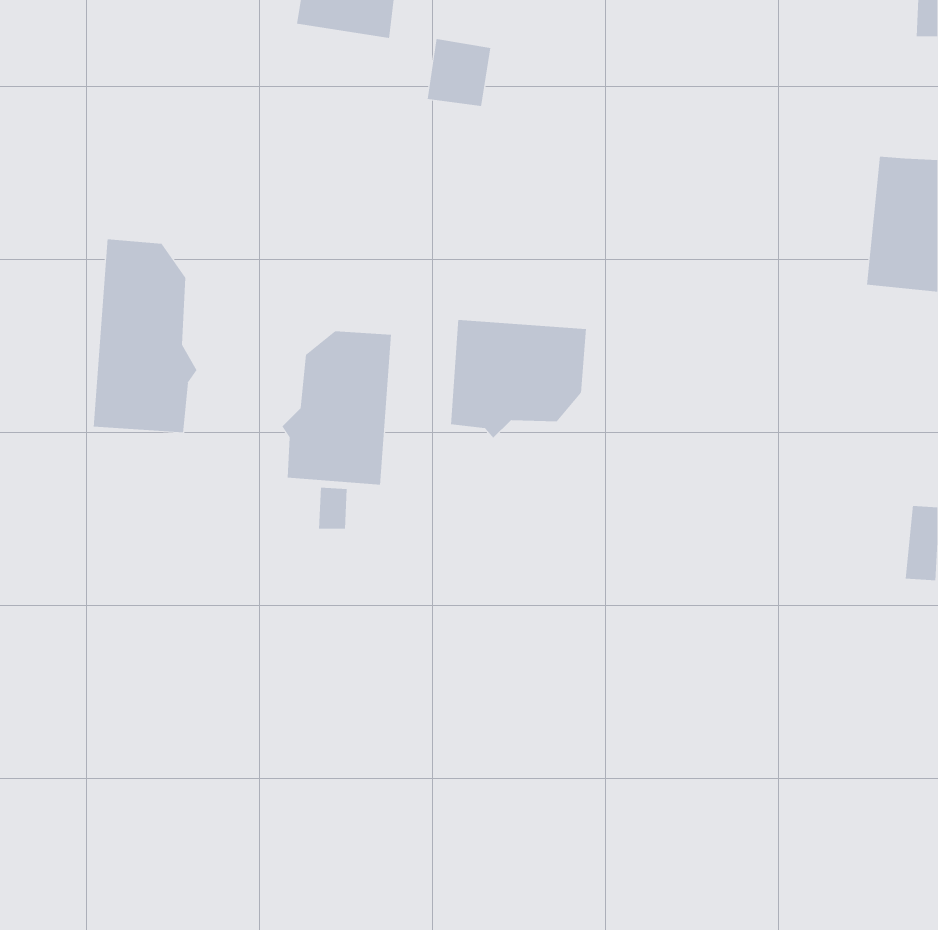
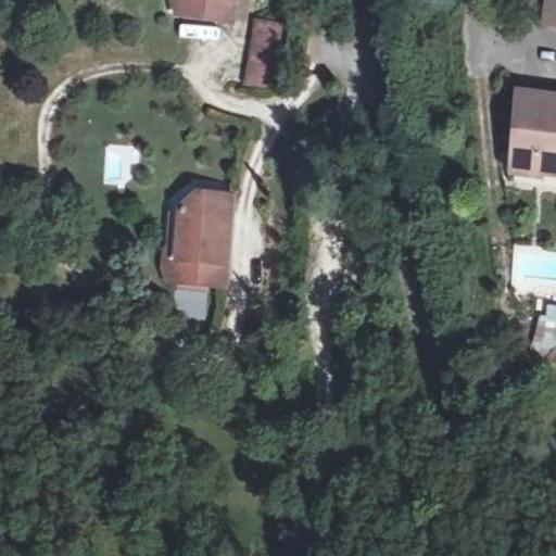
building: [93,238,197,433] -> none
building: [450,319,587,439] -> none

